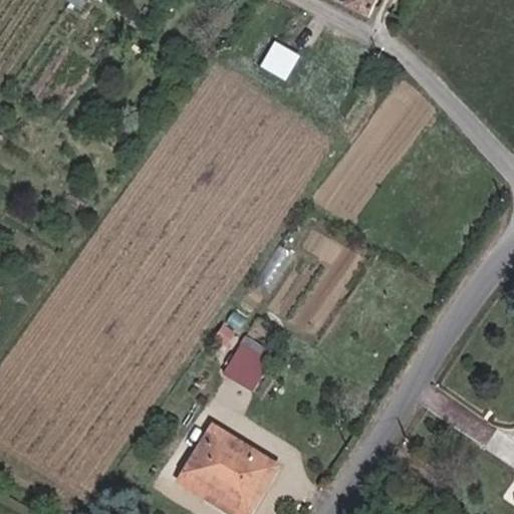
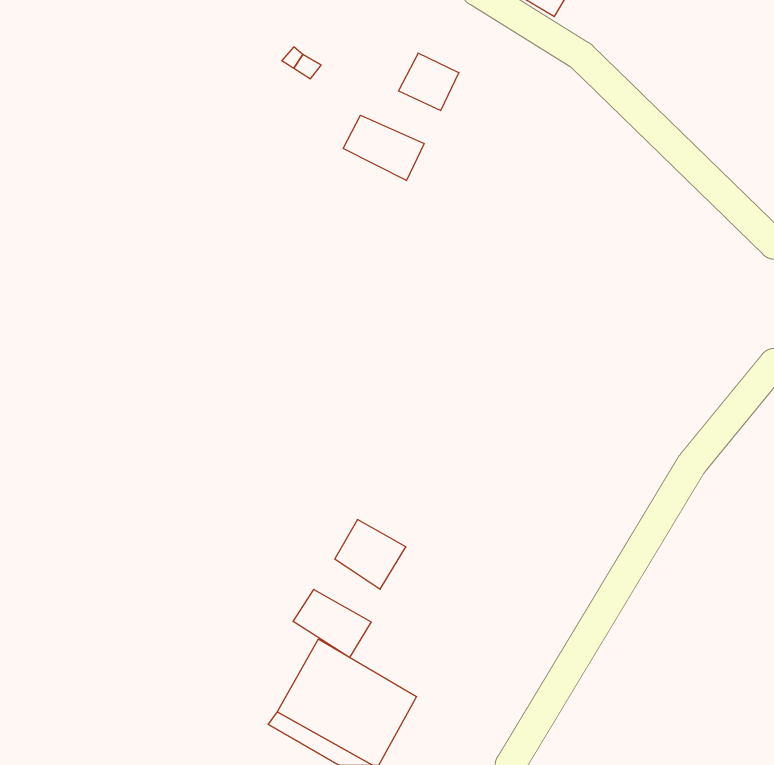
building: none -> [343,115,424,181]
building: none -> [293,589,371,658]

